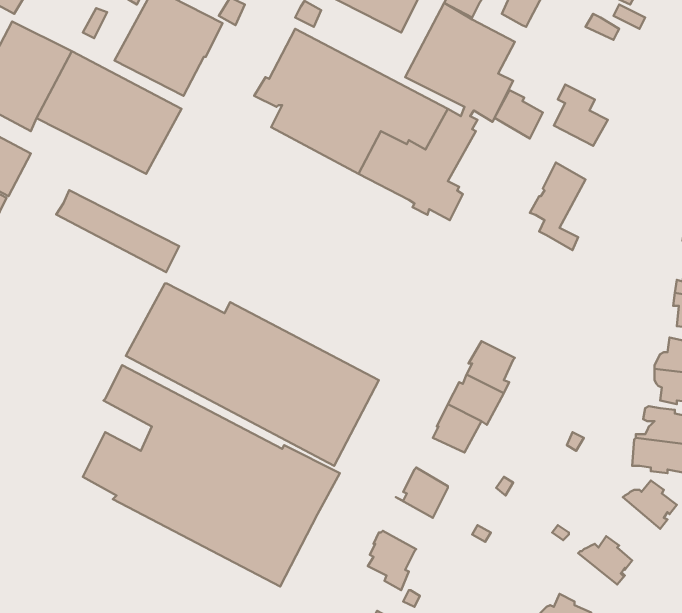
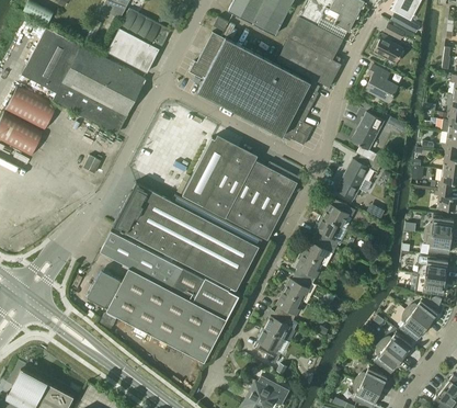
building: [494,90,543,138] -> [374,35,402,64]
building: [56,190,179,272] -> [53,86,125,134]
building: none -> [182,138,299,240]
building: none -> [335,155,380,200]
building: none -> [322,200,355,227]
building: none -> [283,274,312,302]
building: none -> [264,309,298,340]
building: none -> [399,309,427,340]
building: none -> [373,342,402,373]

